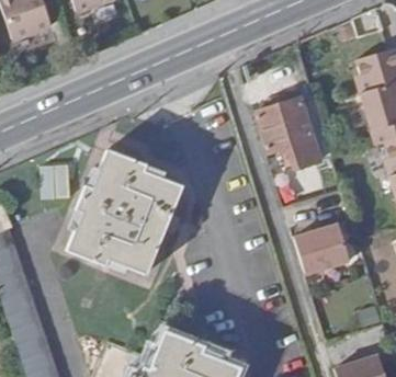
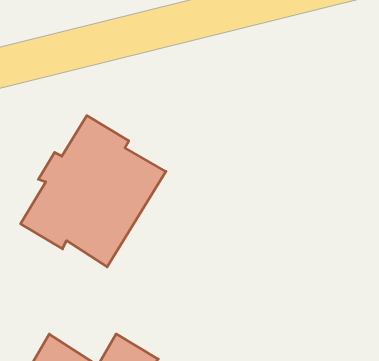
building: [254,95,332,169] -> none
building: [294,224,350,275] -> none

